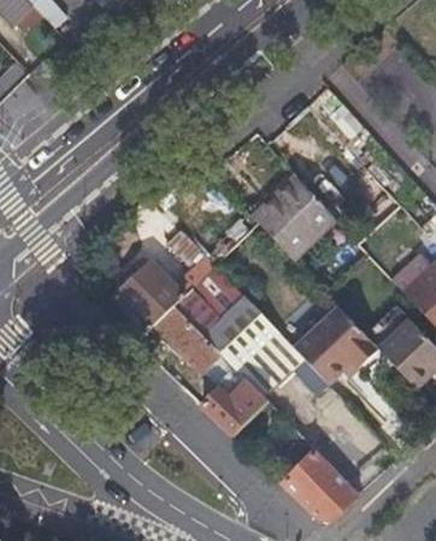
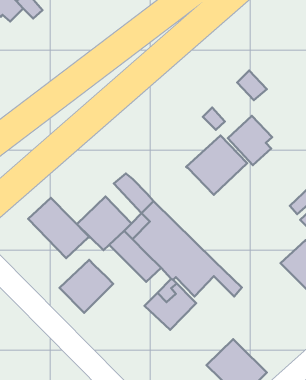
building: none -> [28,198,90,258]
building: [291,304,377,379] -> none
building: none -> [59,260,113,313]

